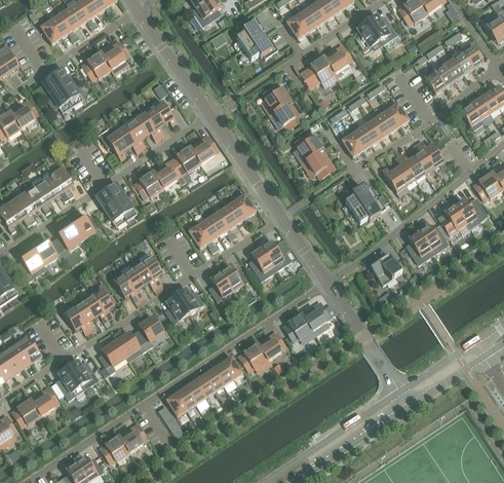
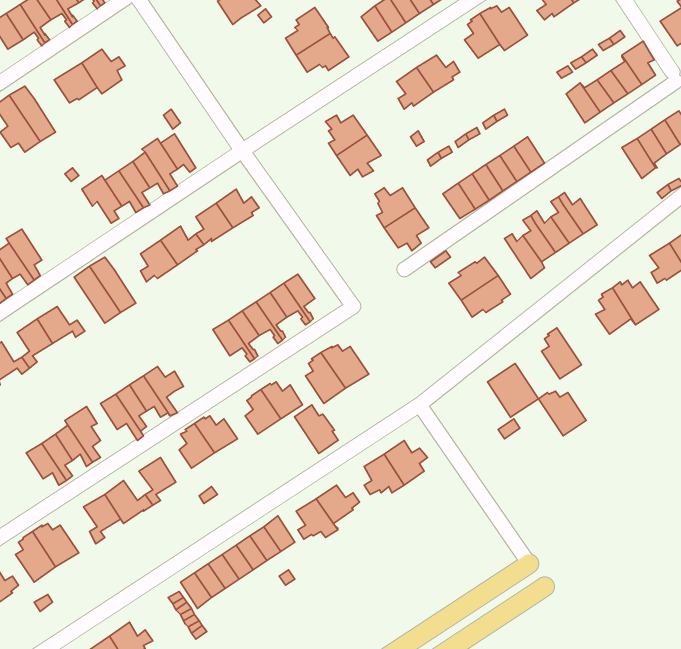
building: [417,224,449,254] -> [538,391,586,436]
building: none -> [294,405,338,453]

